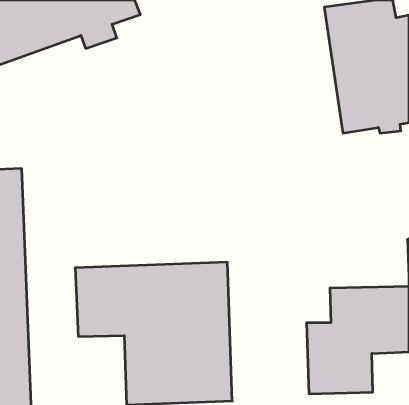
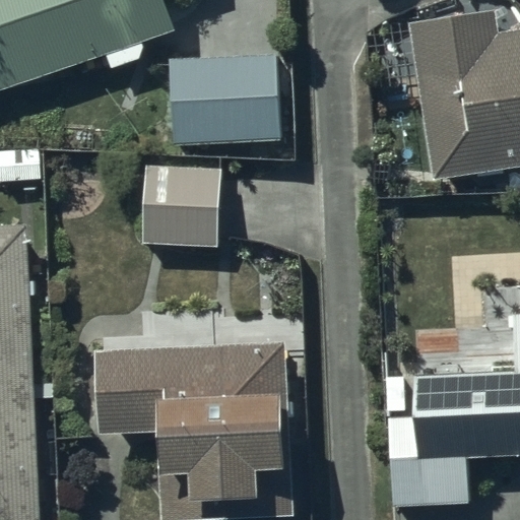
building: none -> [168,55,280,147]
building: none -> [141,165,219,248]

